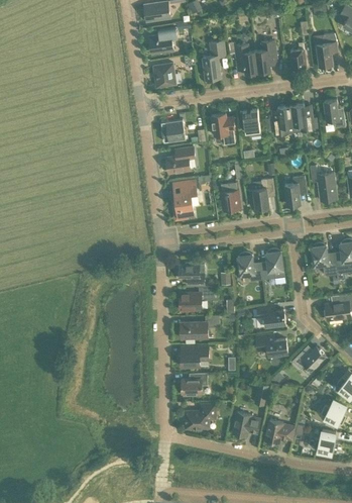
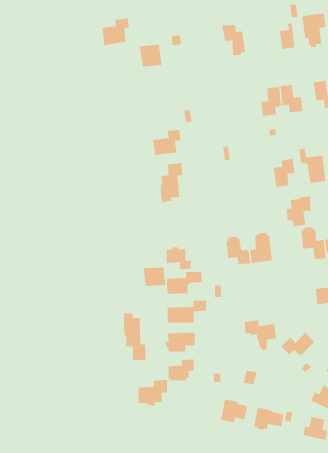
building: [148,26,175,55] -> [102,17,129,46]
building: [202,40,225,79] -> none
building: [254,40,276,73] -> none
building: [239,109,260,136] -> none
building: [211,114,234,144] -> none
building: [160,119,185,142] -> none
building: [248,178,273,209] -> [286,195,311,227]
building: [220,182,240,212] -> none
building: none -> [143,266,166,287]
building: [256,306,284,326] -> none
building: none -> [123,312,147,361]
building: [185,404,214,431] -> [138,379,168,407]

